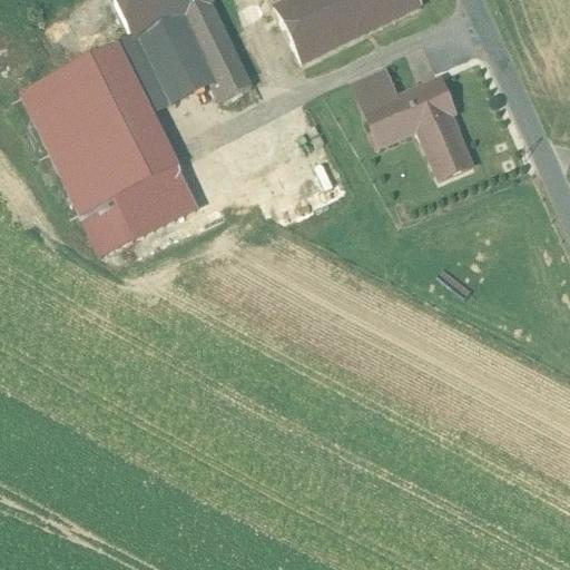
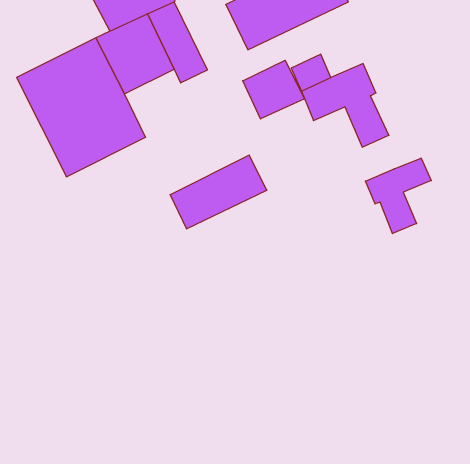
building: none -> [243,60,304,119]
building: [81,166,198,255] -> [170,155,267,229]
building: none -> [365,158,431,234]

